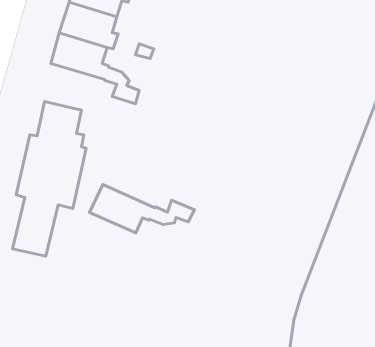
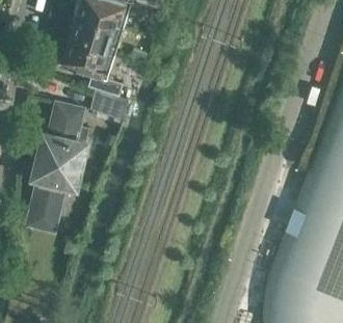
building: none -> [95,92,130,120]
building: [89,185,194,233] -> none

